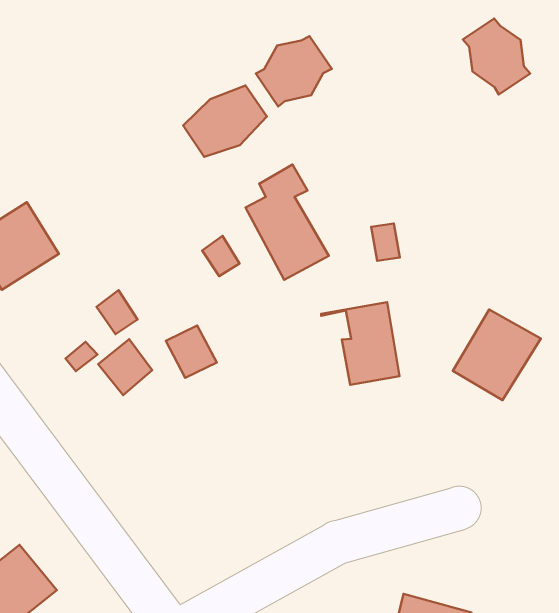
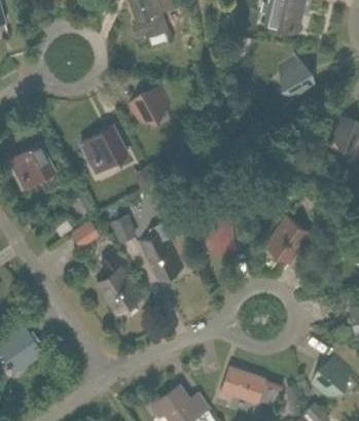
building: [256,36,332,106] -> none
building: none -> [80,127,128,173]
building: [245,165,329,280] -> [140,221,183,283]
building: none -> [97,252,142,316]

